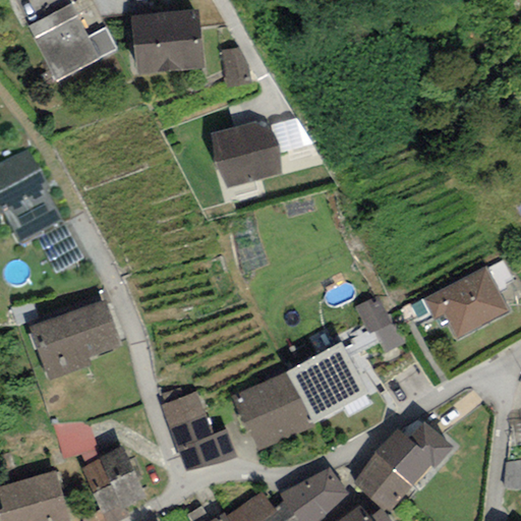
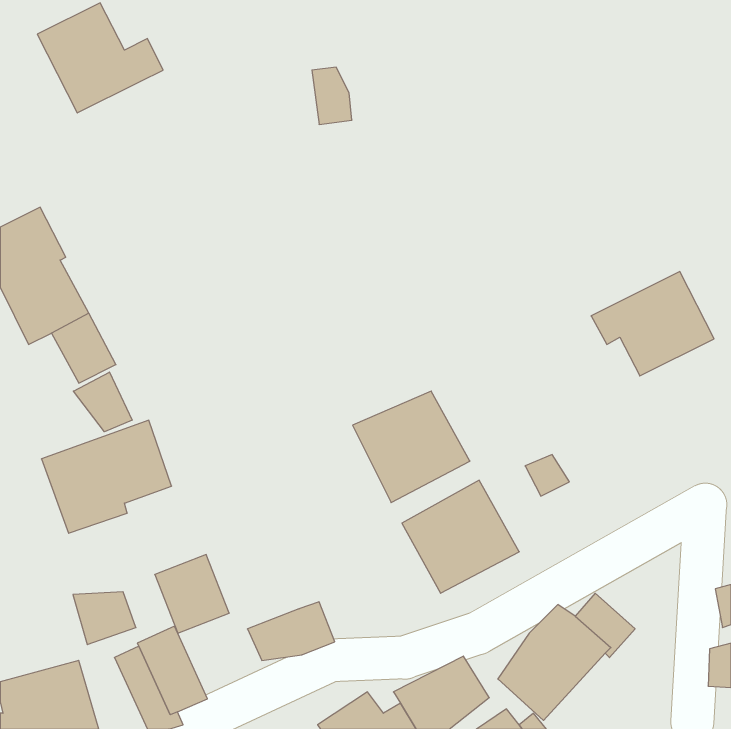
building: [129,9,204,73] -> none
building: [211,118,281,188] -> none
building: none -> [73,372,132,432]
building: [422,267,510,341] -> [591,272,714,376]
building: [355,295,393,335] -> none
building: [230,372,313,452] -> [353,391,470,503]
building: [160,392,213,448] -> [155,555,229,633]

